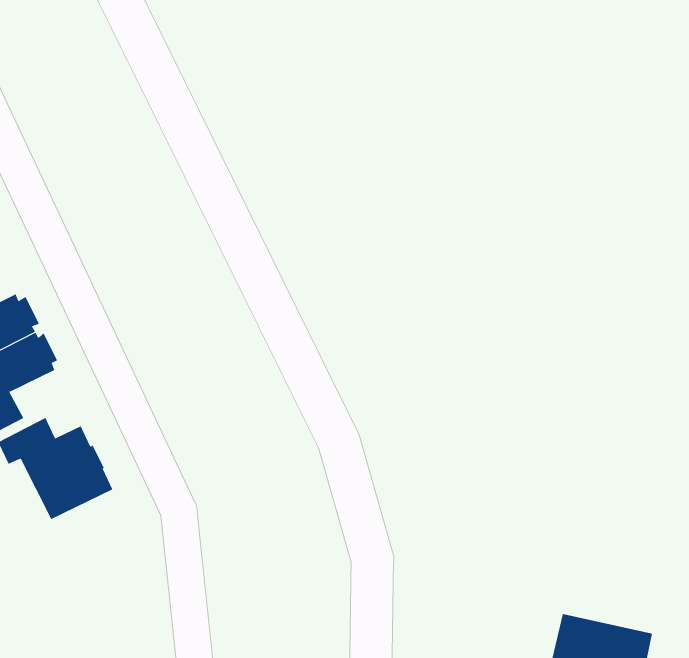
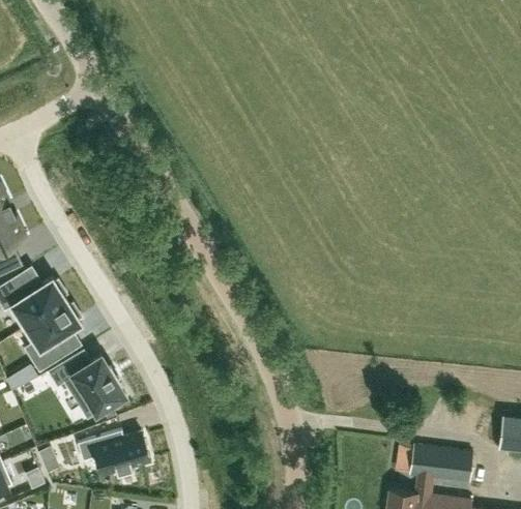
building: none -> [79,429,149,472]

